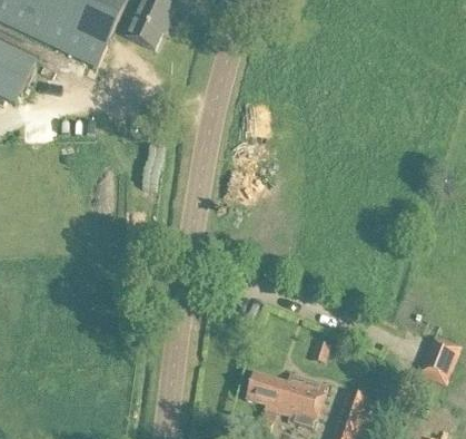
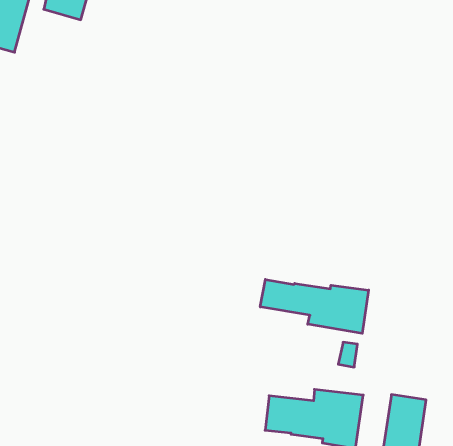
building: none -> [260,279,369,333]

